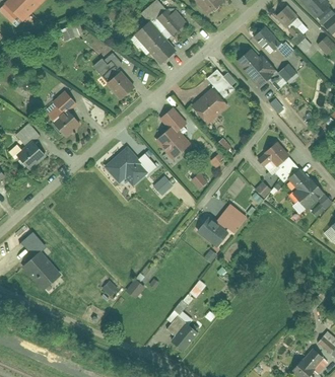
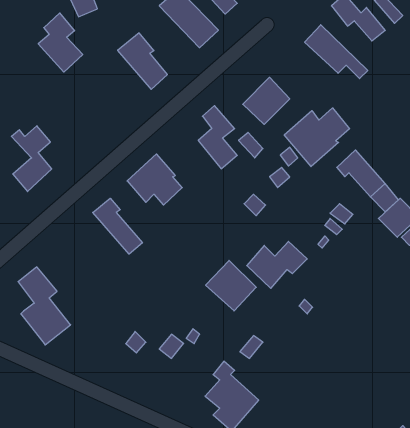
building: [50,91,83,136] -> [38,13,83,72]
building: none -> [284,108,350,167]
building: none -> [93,198,142,254]
building: none -> [206,260,256,311]

